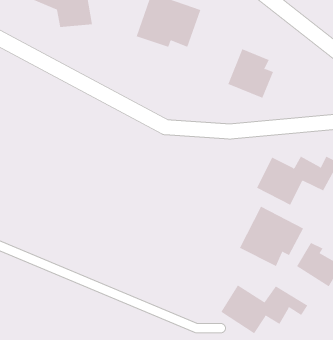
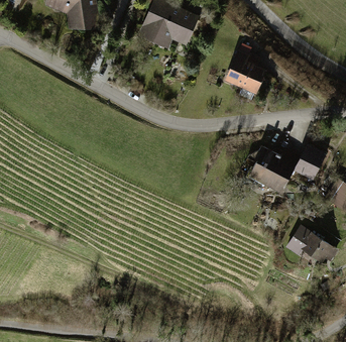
building: [239,206,304,267] -> none
building: [220,284,308,334] -> none

